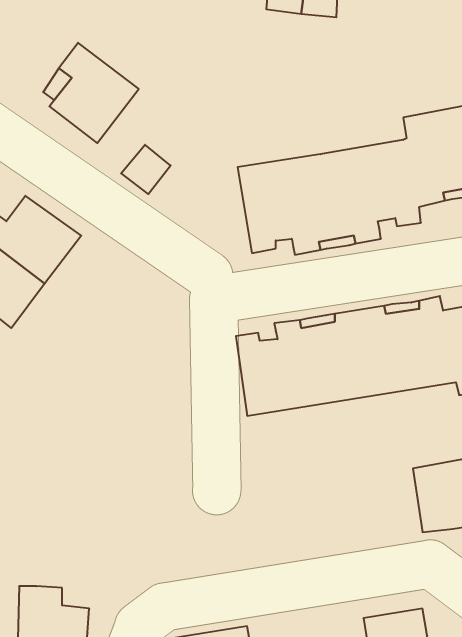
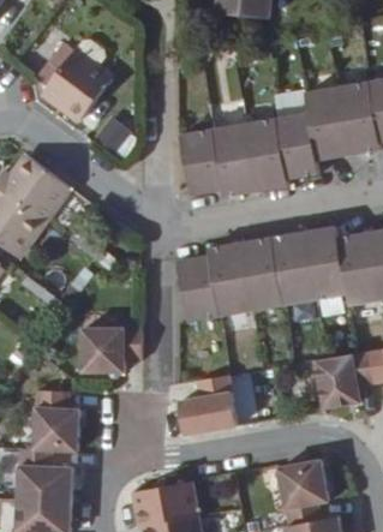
building: none -> [83,325,142,371]
building: none -> [179,375,237,434]
building: none -> [32,390,78,452]

